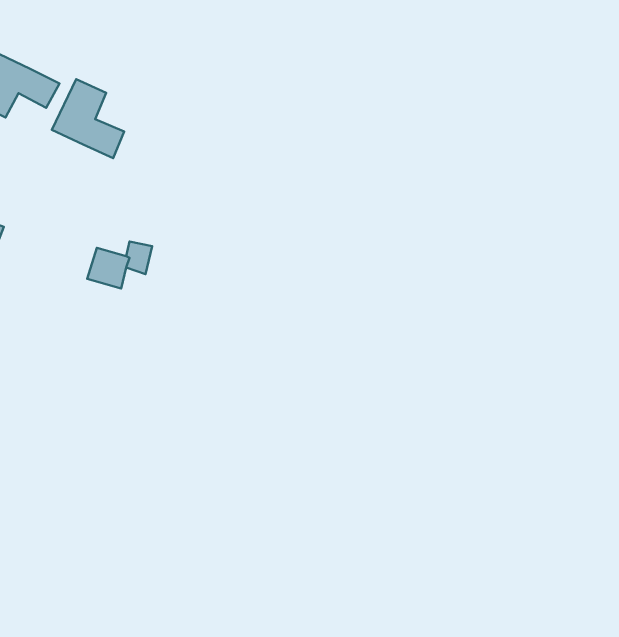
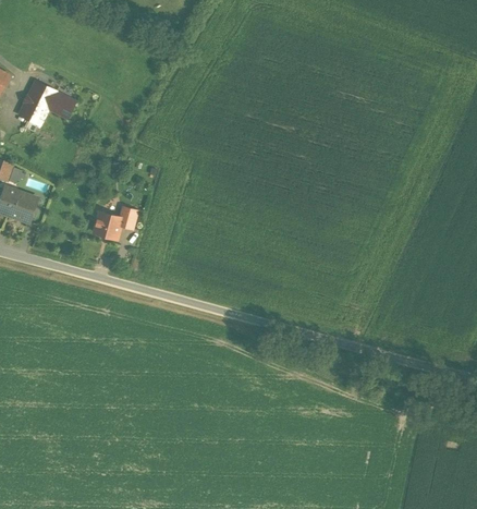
building: [52,79,124,158] -> none

